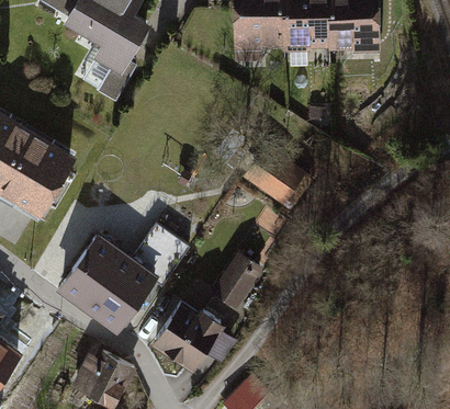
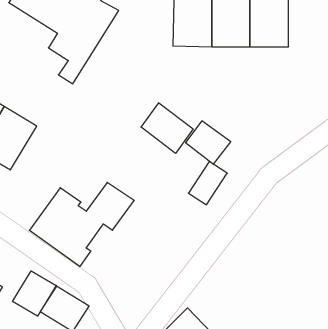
building: none -> [141,103,193,153]
building: [213,252,260,305] -> [188,161,227,205]
building: [155,303,220,363] -> none
building: none -> [13,271,56,316]

